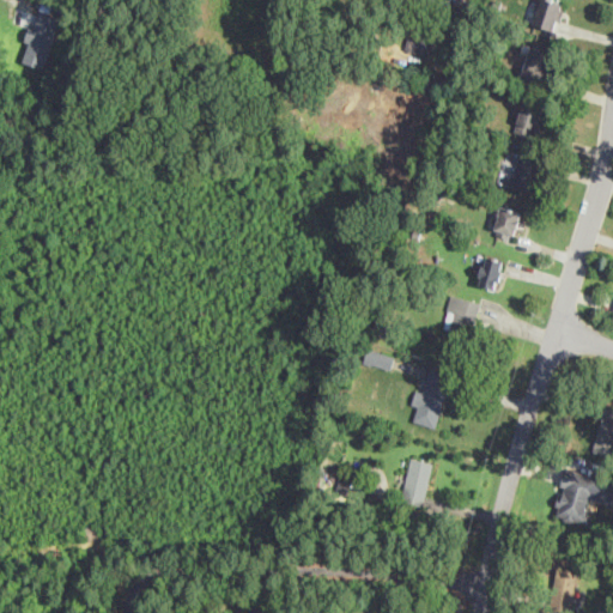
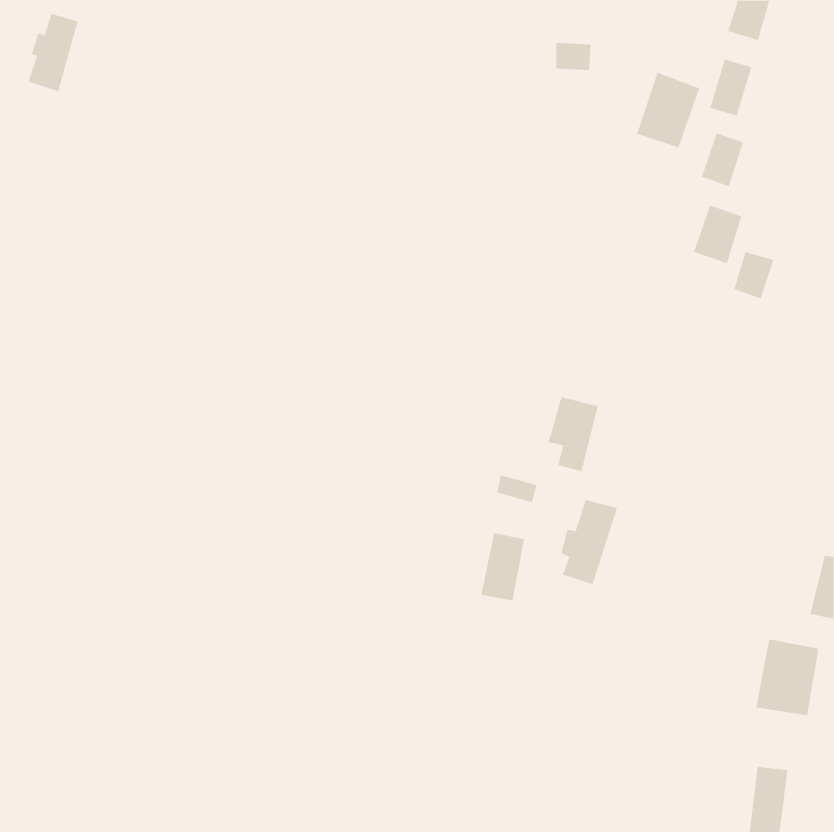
building: none -> [636,72,700,148]
building: [491,207,521,242] -> [733,252,774,299]
building: [474,257,504,292] -> none
building: [441,297,478,352] -> [548,396,599,472]
building: [399,459,431,509] -> [480,533,525,601]

